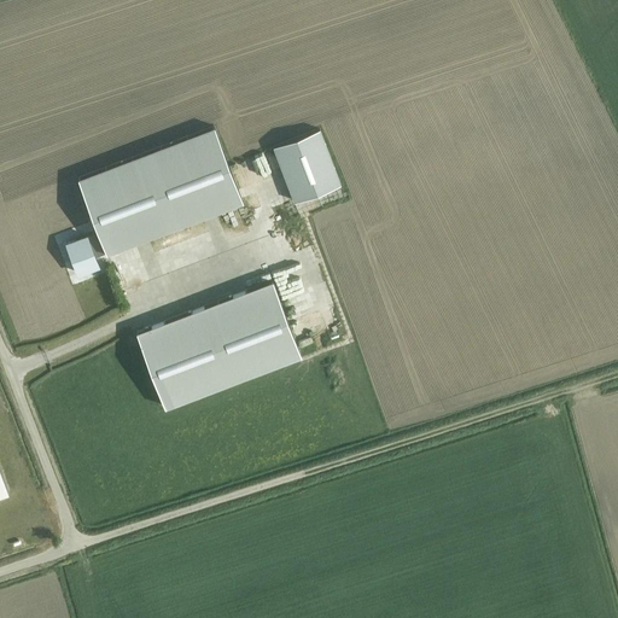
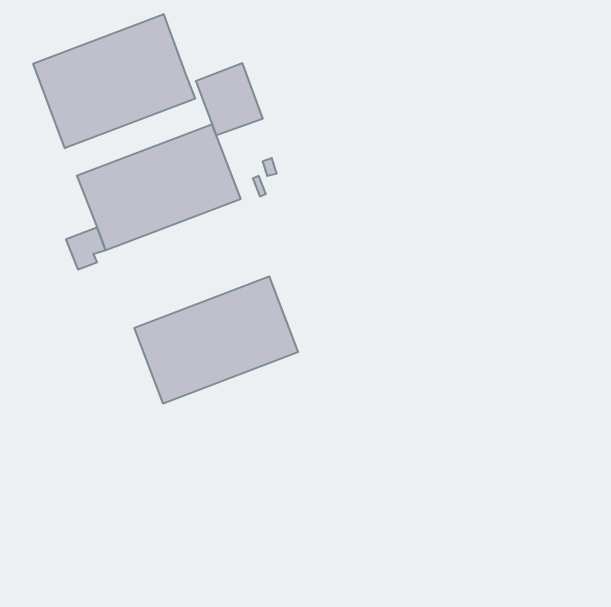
building: none -> [33,14,195,148]
building: [273,133,340,205] -> [196,63,263,135]

